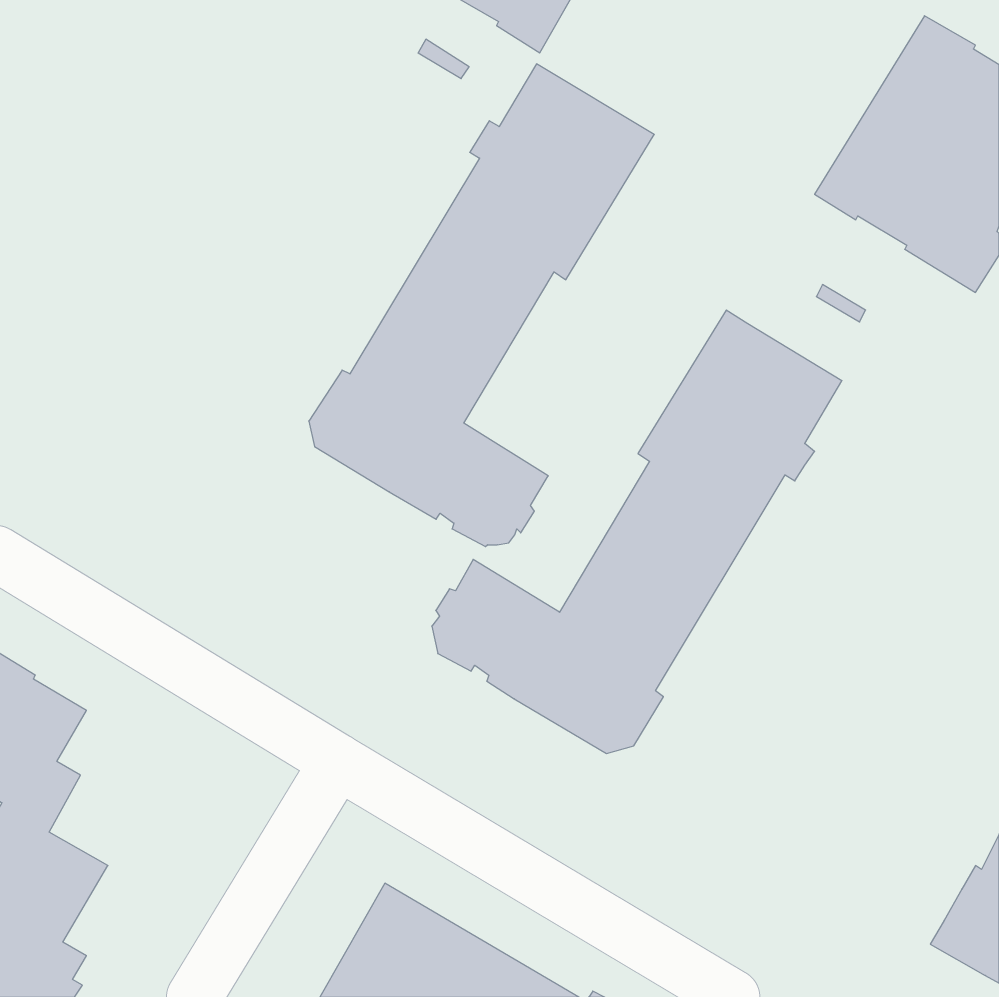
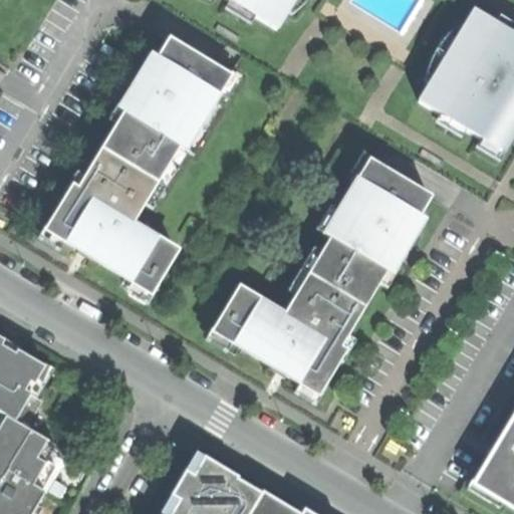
building: [309,64,654,547] -> [54,37,231,284]

